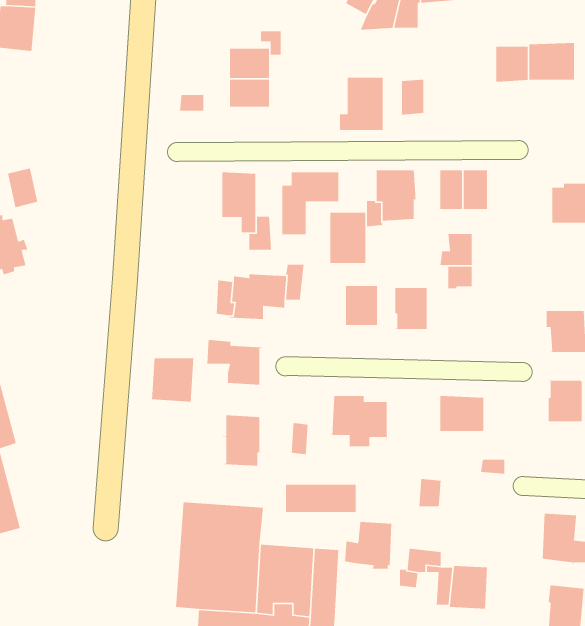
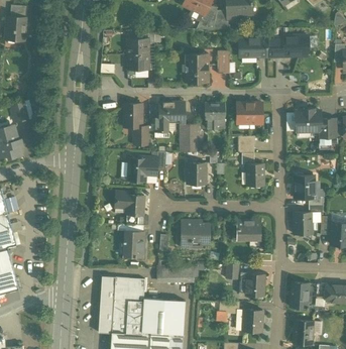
building: none -> [239,38,266,56]
building: [395,287,427,330] -> [246,163,263,186]
building: [151,357,194,402] -> none
building: [344,521,392,570] -> [239,272,264,298]

